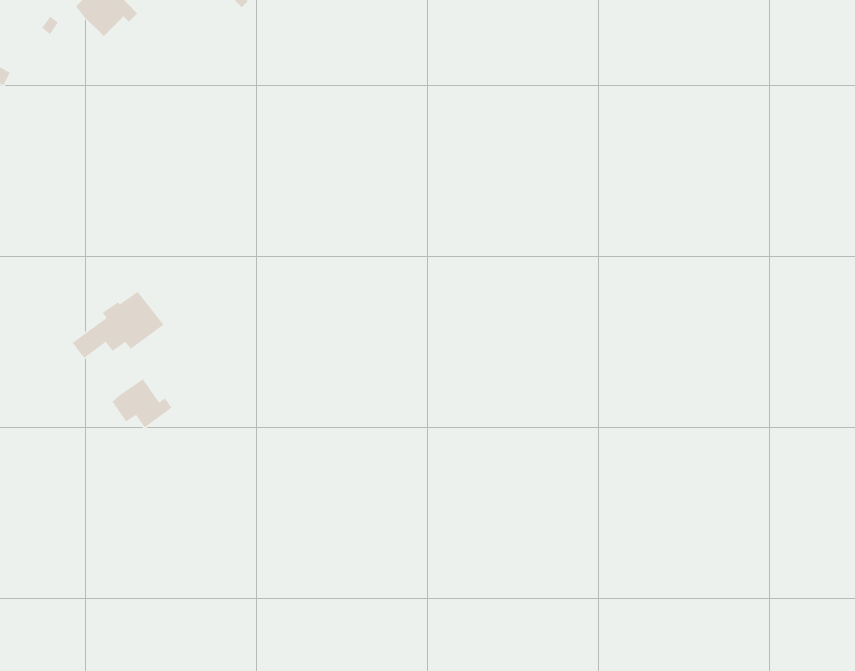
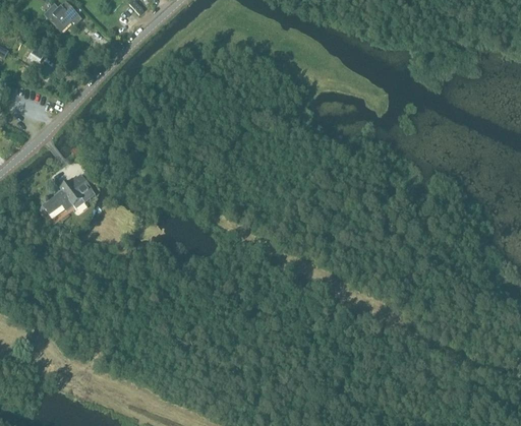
building: [111,378,172,428] -> none

